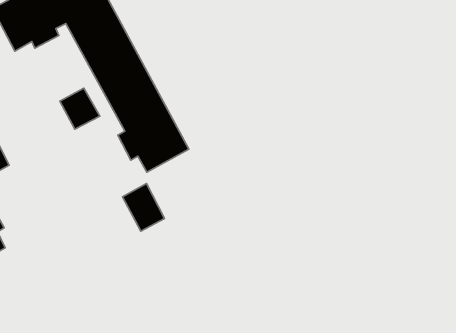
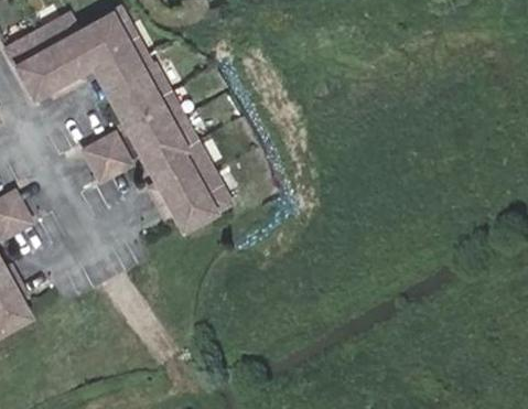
building: [123,183,164,231] -> none

